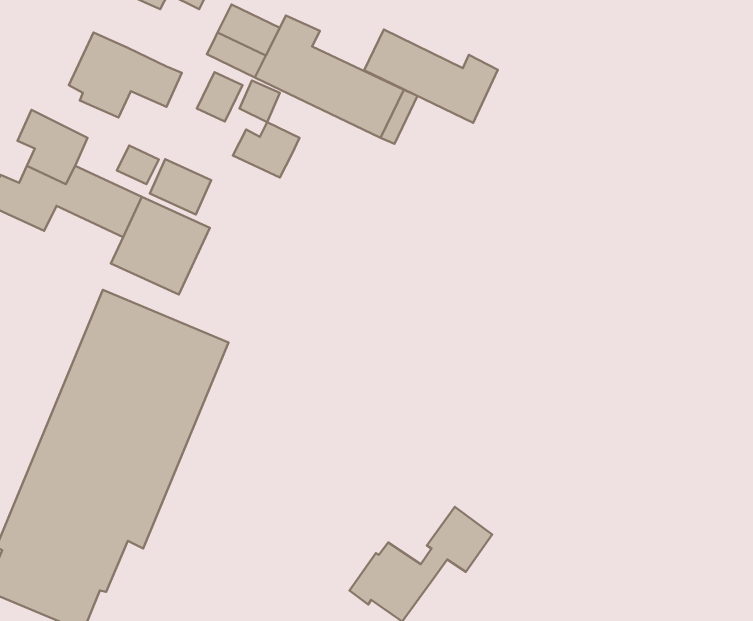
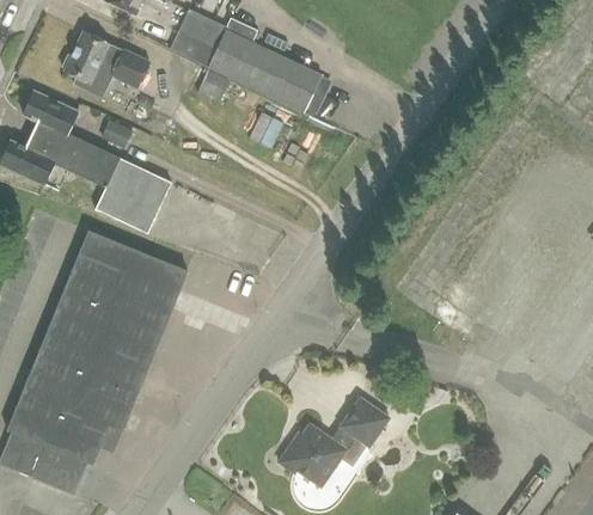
building: [364,29,498,123] -> none
building: [197,72,242,122] -> none
building: [233,122,299,177] -> none
building: [150,159,211,214] -> none

